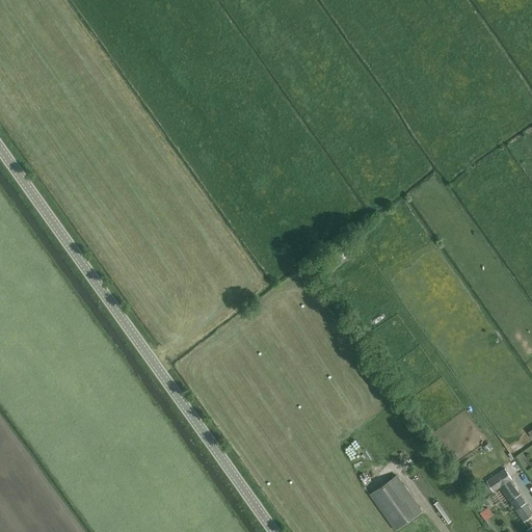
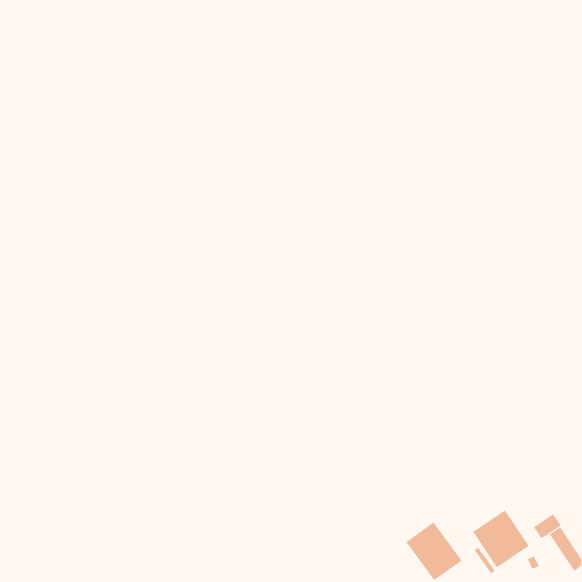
building: none -> [472,509,529,568]

